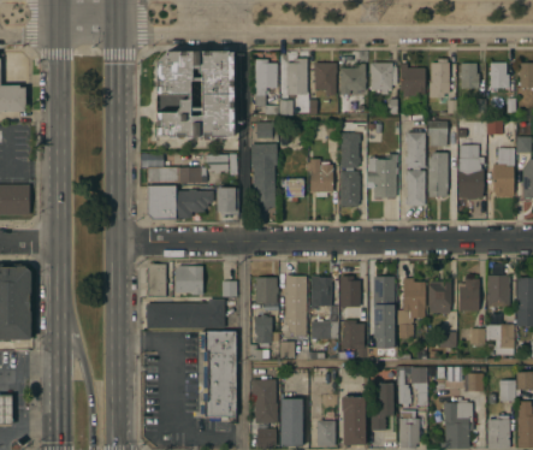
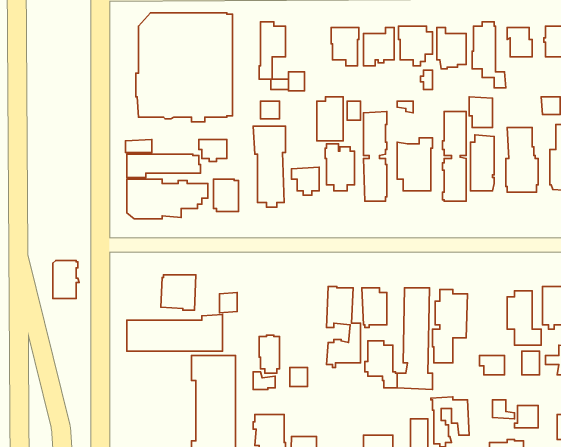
building: [286,59,308,95] -> [317,97,343,141]
building: [147,266,168,297] -> [53,260,79,299]
building: [285,276,306,336] -> none
building: [253,277,278,302] -> none
building: [428,282,451,313] -> none

